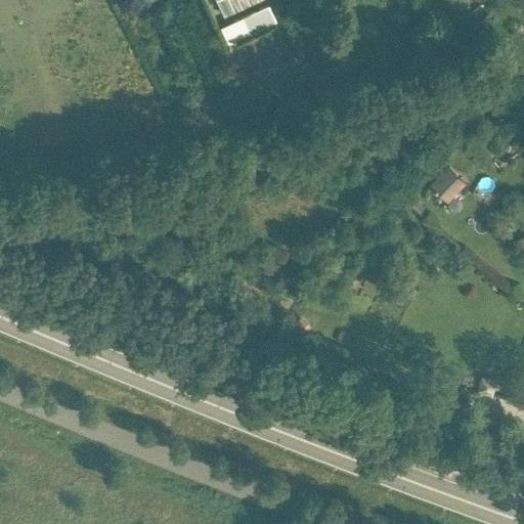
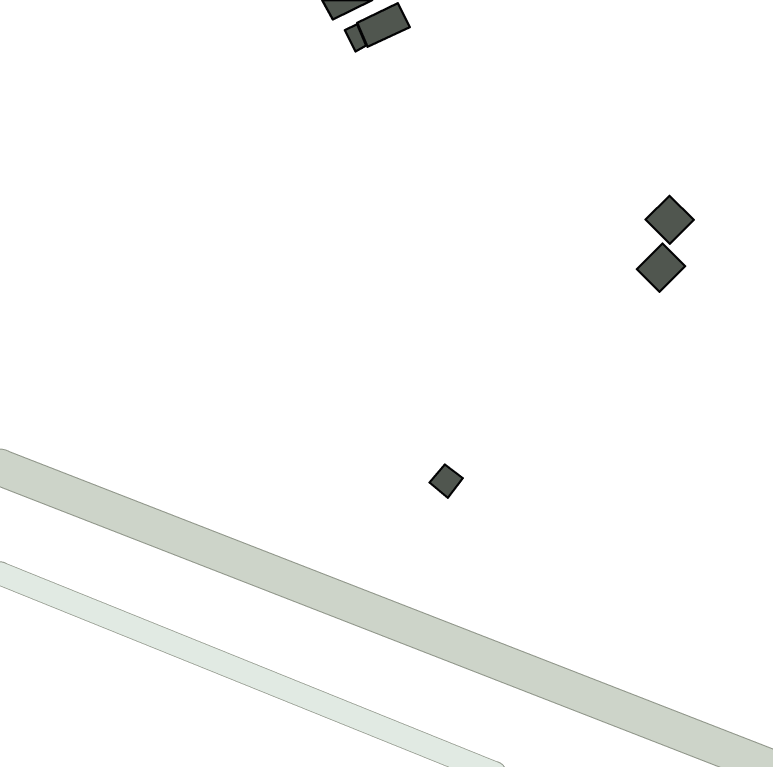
building: none -> [646,196,694,244]

